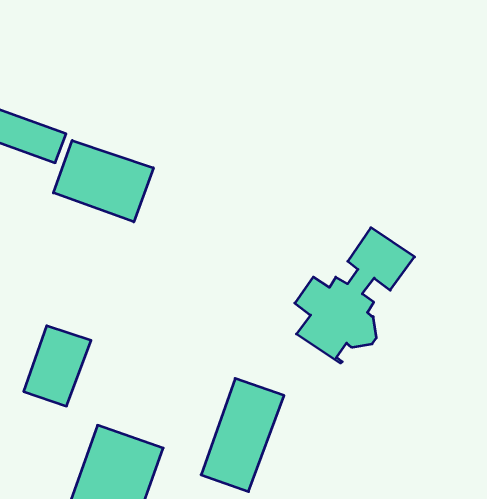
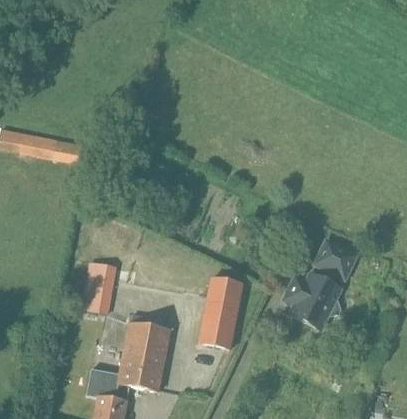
building: [53,140,153,222] -> none
building: [295,228,415,363] -> [287,240,357,327]

